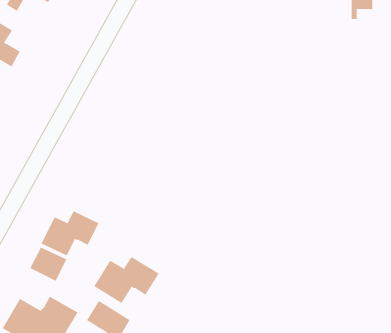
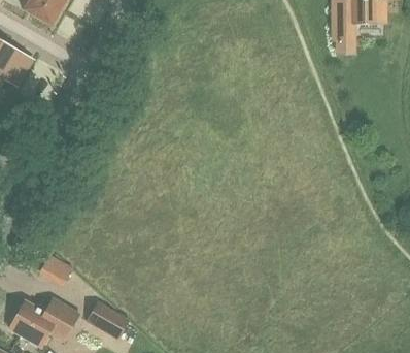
building: [41,210,99,256] -> none
building: [93,256,160,304] -> none

